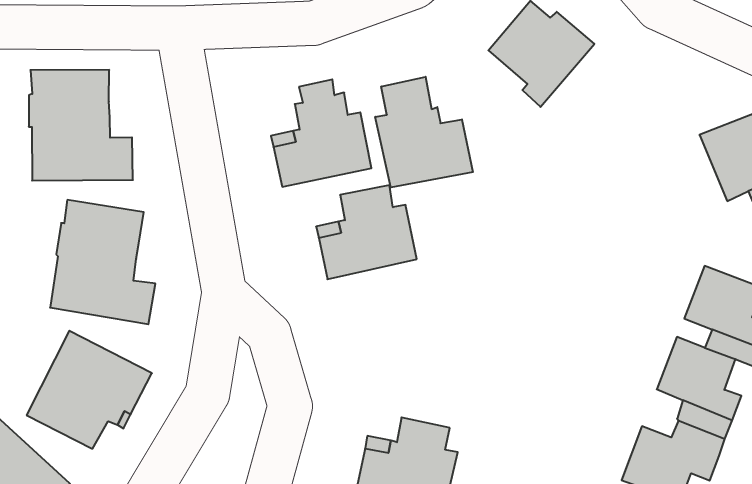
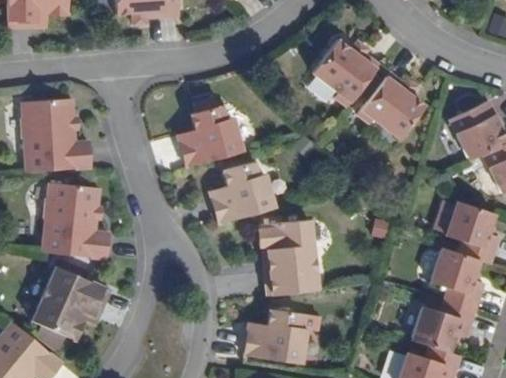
building: none -> [357,73,425,140]
building: [375,77,473,187] -> none
building: none -> [258,220,317,296]

